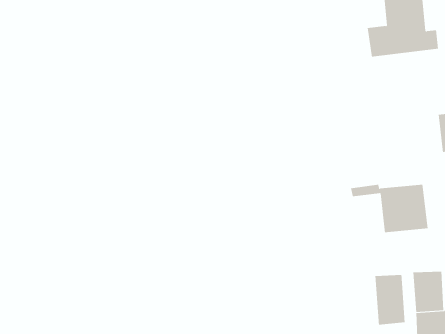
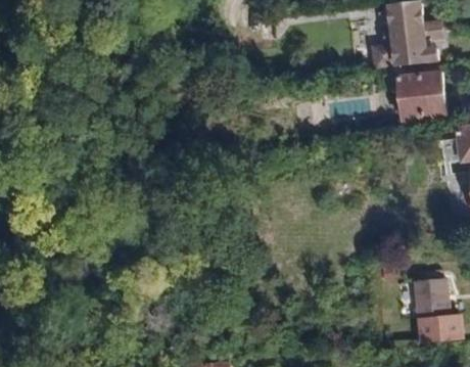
building: [350,184,428,233] -> [368,71,443,118]
building: [375,274,405,326] -> none

